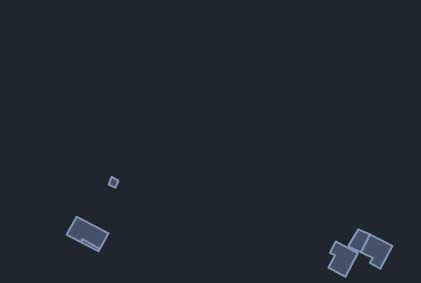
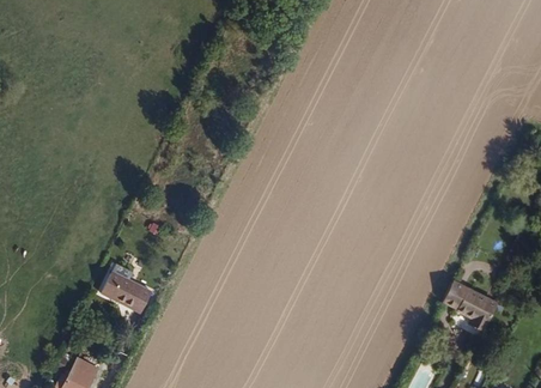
building: [328,241,358,277] -> none

